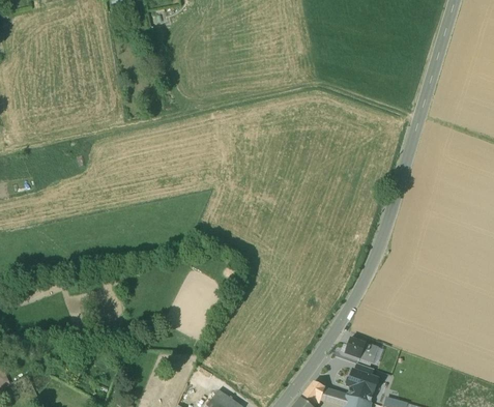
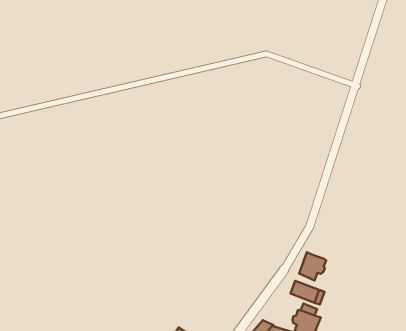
building: none -> [299,252,326,281]

